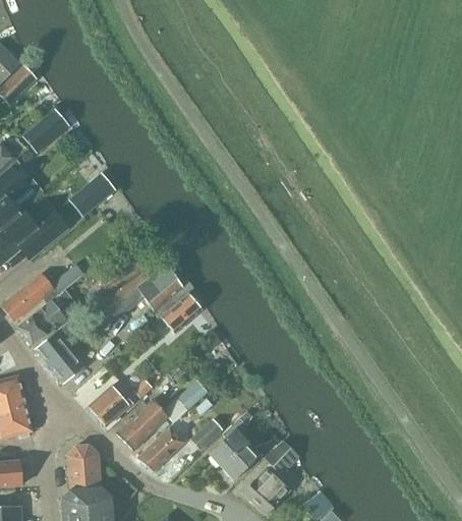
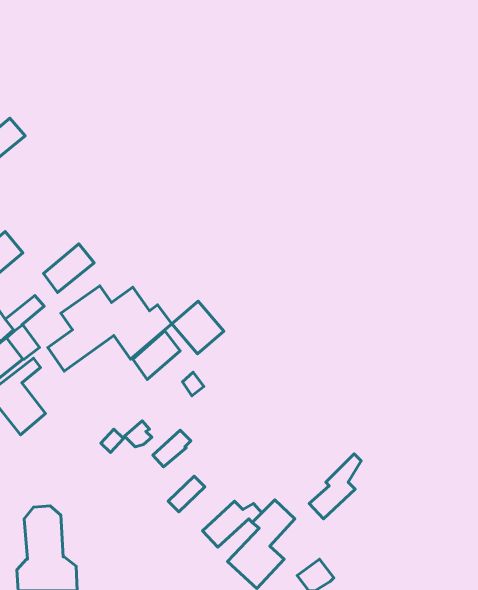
building: [69,174,113,216] -> [43,244,94,292]
building: none -> [172,301,224,354]
building: [88,385,129,426] -> none
building: [116,399,168,450] -> none
building: [208,410,252,466] -> [309,454,361,519]
building: [136,419,184,471] -> none

